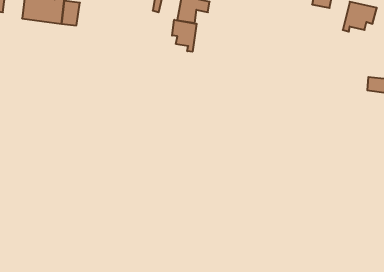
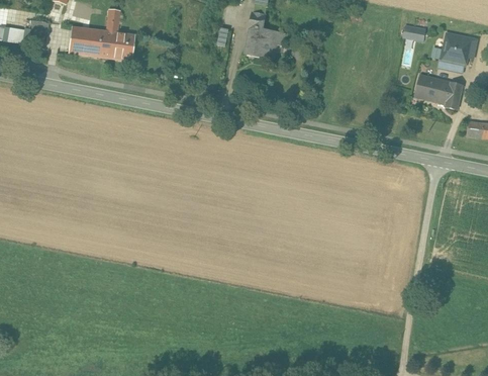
building: [172,20,197,52] -> none
building: none -> [414,73,462,108]

